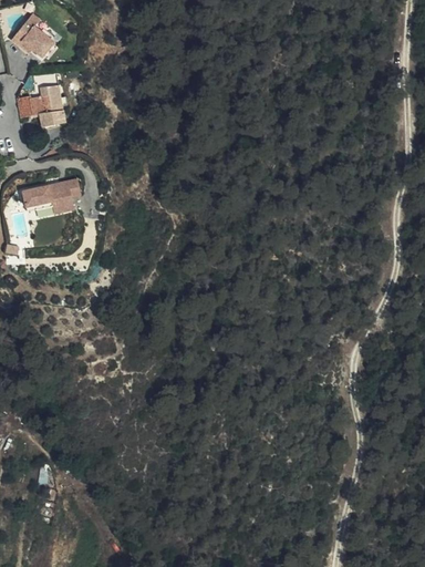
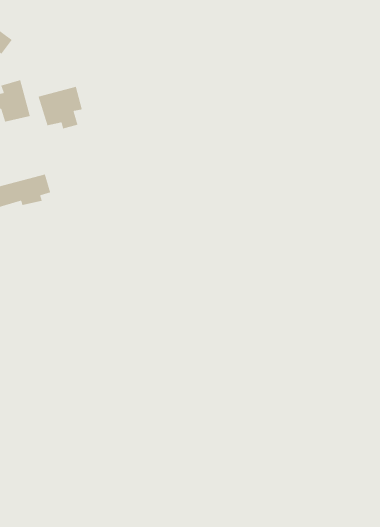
building: none -> [38,86,83,129]

